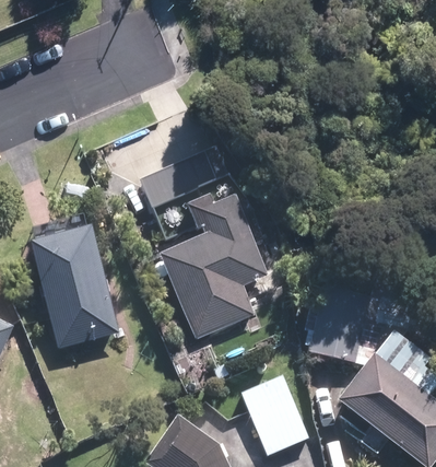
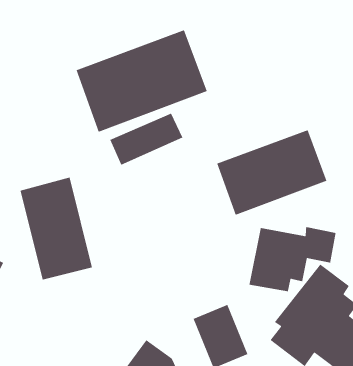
building: none -> [76,29,208,133]
building: none -> [216,129,328,216]
building: [160,192,266,338] -> none

